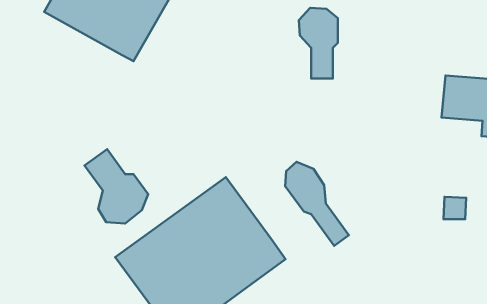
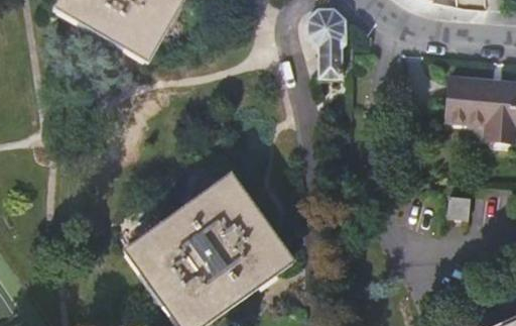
building: [85,149,148,224] -> none
building: [285,162,349,246] -> none

